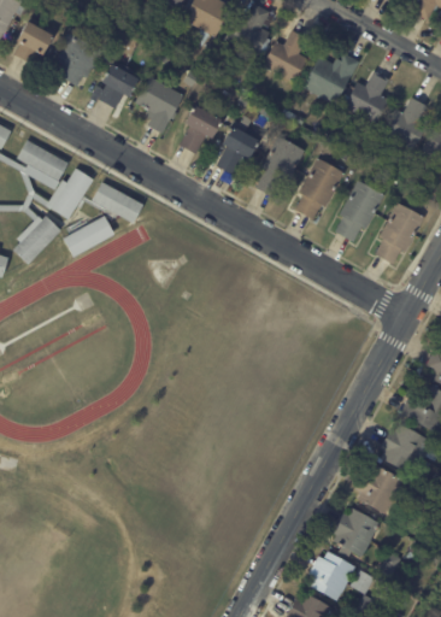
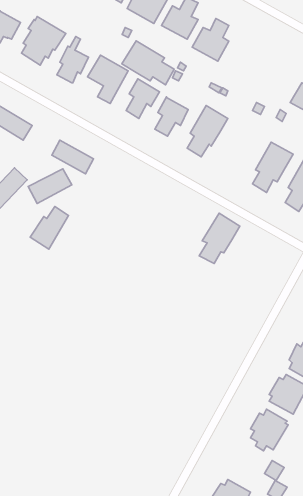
building: [301,54,358,106] -> none
building: none -> [122,41,174,85]
building: [342,74,387,125] -> none
building: [294,159,343,221] -> [199,213,240,264]
building: [45,168,92,219] -> [30,207,69,249]
building: [307,551,355,601] -> none

